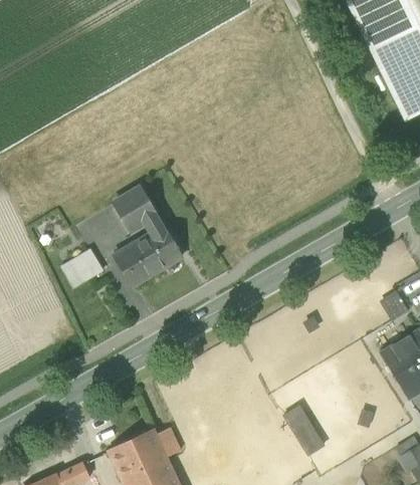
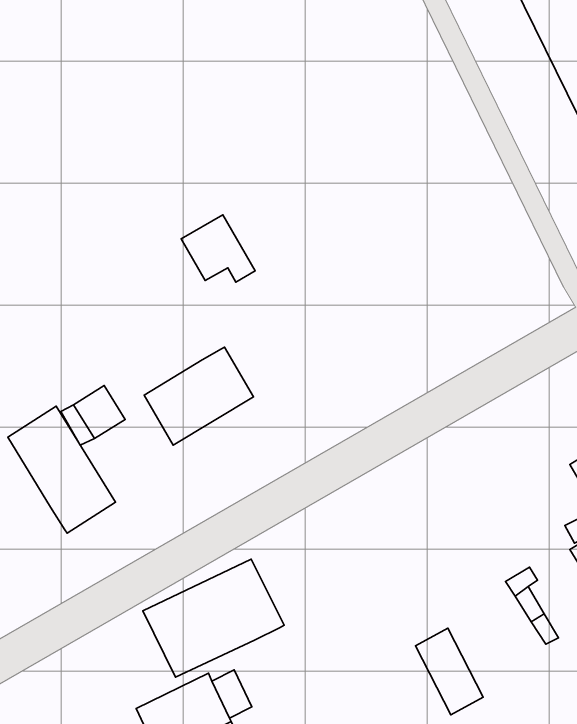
building: [116,191,162,233] -> [181,215,255,282]
building: none -> [8,406,115,533]
building: none -> [143,559,284,677]

